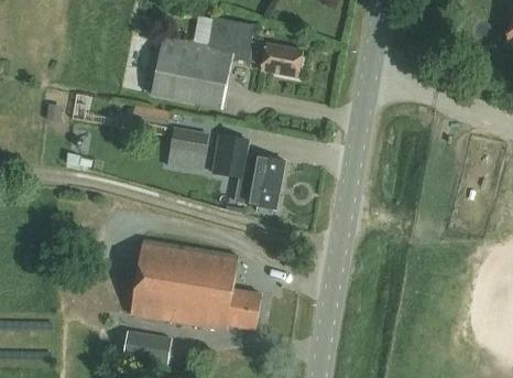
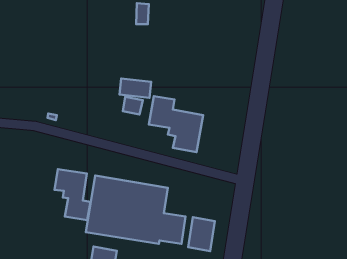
building: [151,25,303,107] -> none
building: none -> [54,169,91,220]
building: none -> [188,217,215,251]

